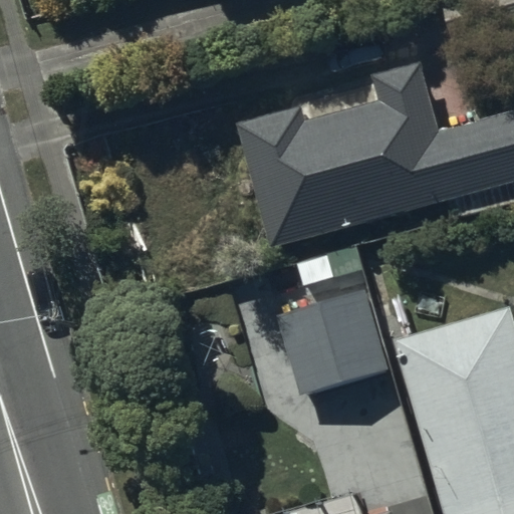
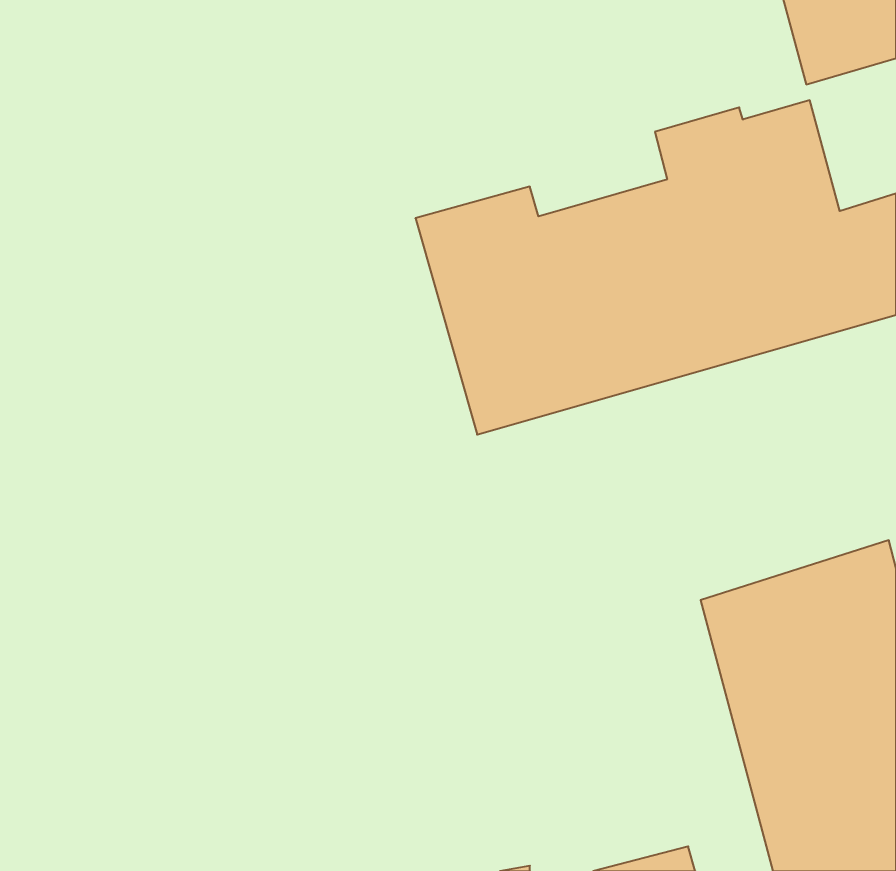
building: [279,288,388,394] -> none

